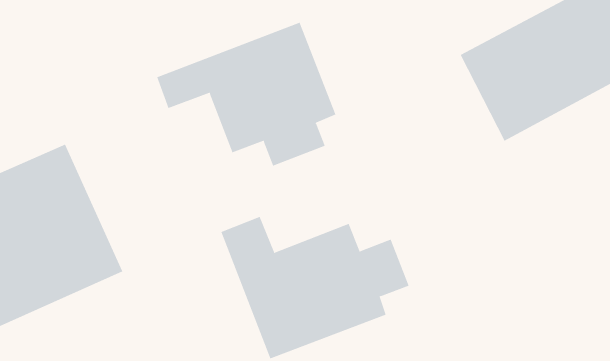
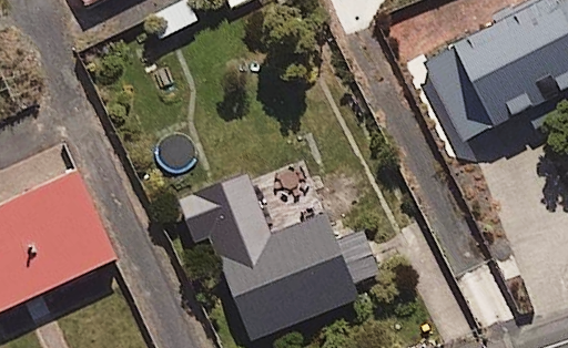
building: [156,22,336,166] -> none

